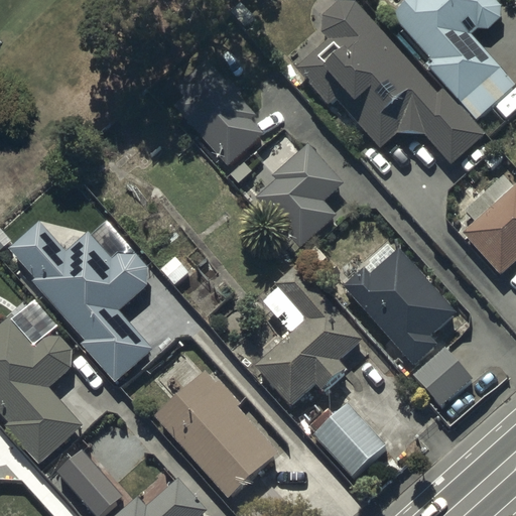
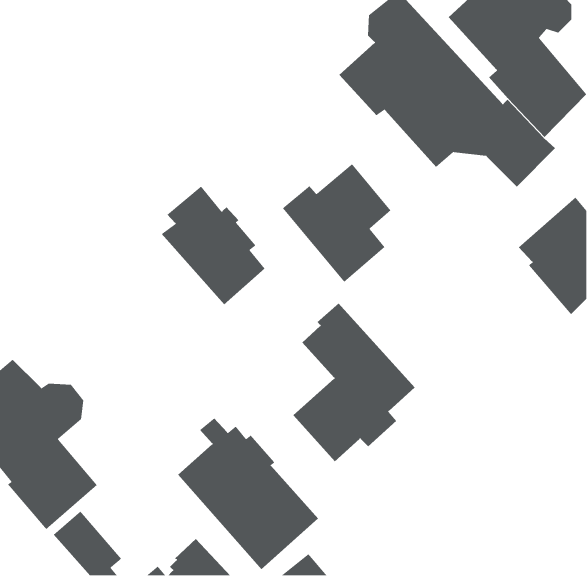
building: [172,61,264,166] -> [161,186,266,305]
building: [6,221,152,382] -> none
building: [343,242,459,366] -> none
building: [412,346,473,414] -> none
building: [313,403,386,477] -> none

